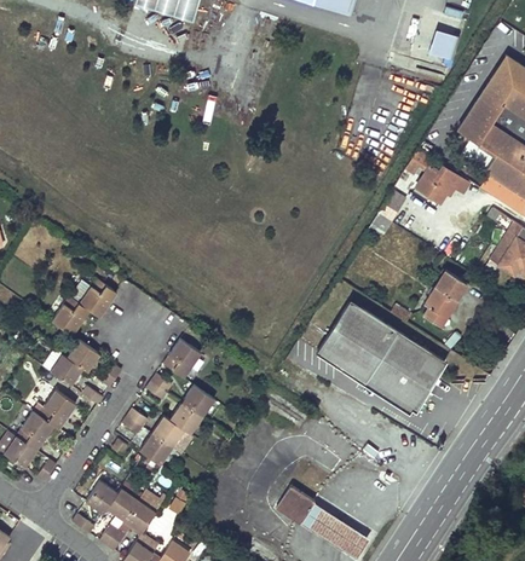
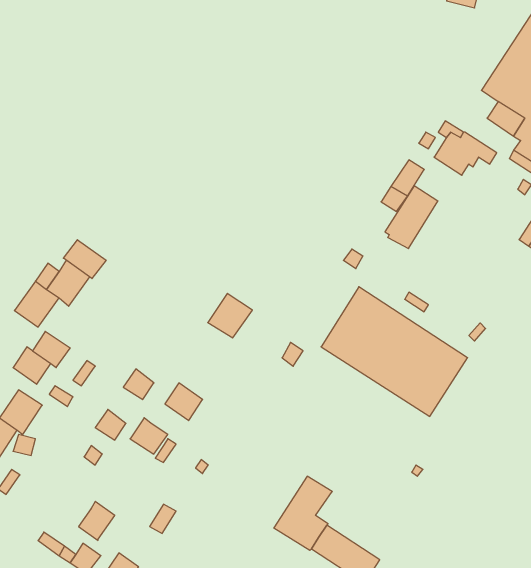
building: none -> [63,240,106,279]
building: [420,271,466,325] -> [385,186,438,249]
building: [162,339,201,377] -> [208,293,252,338]
building: [169,403,202,434] -> none
building: [139,433,172,464] -> none
building: [85,480,117,514] -> none
building: [123,490,162,532] -> none

